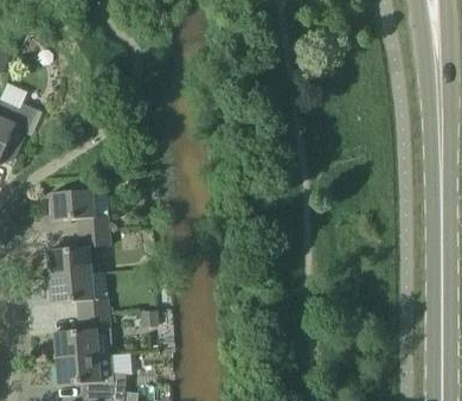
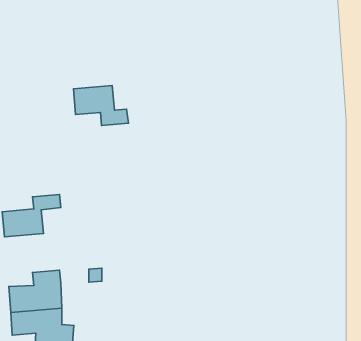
building: [49,189,109,233] -> [73,85,129,125]
building: [49,273,109,316] -> none

